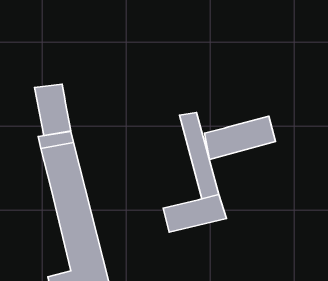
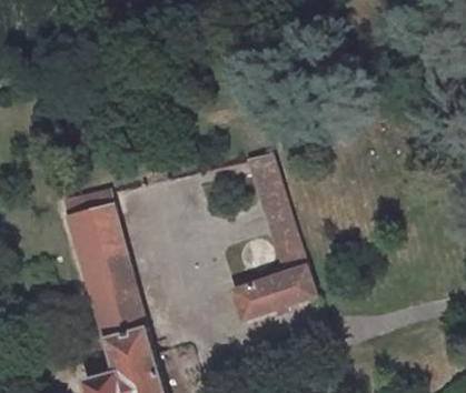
building: [35,84,71,136] -> none
building: [204,116,276,159] -> none

